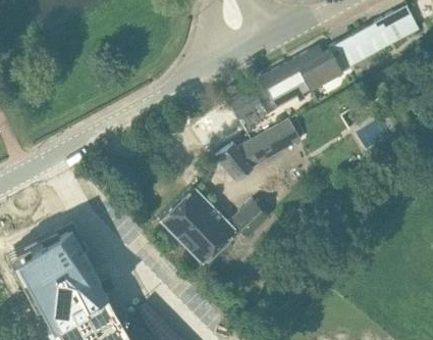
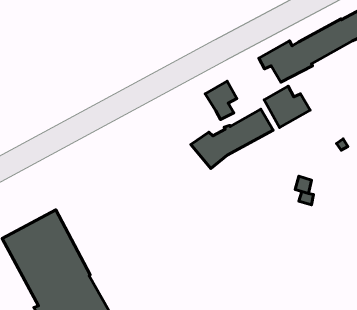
building: [261,64,310,108] -> [264,86,310,127]
building: [160,188,268,263] -> none

